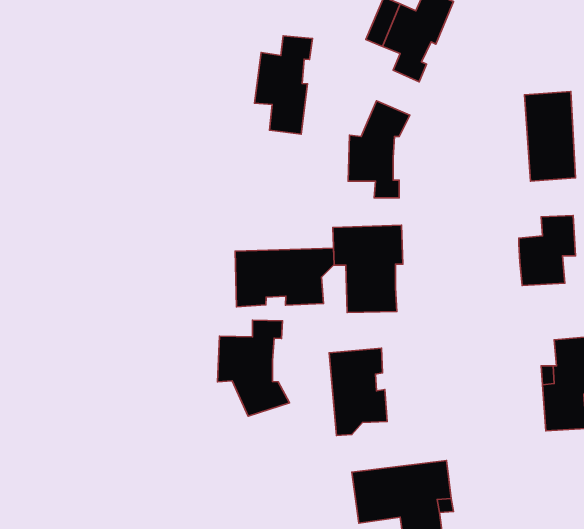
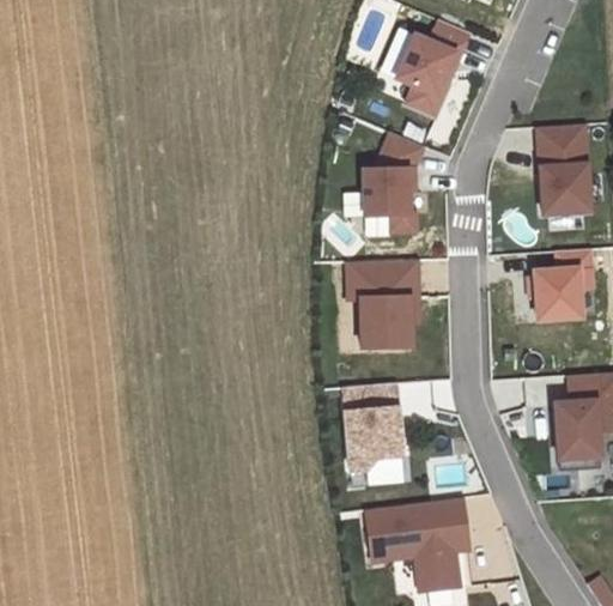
building: [255,36,313,134] -> none
building: [235,248,334,307] -> none
building: [218,320,290,416] -> none

